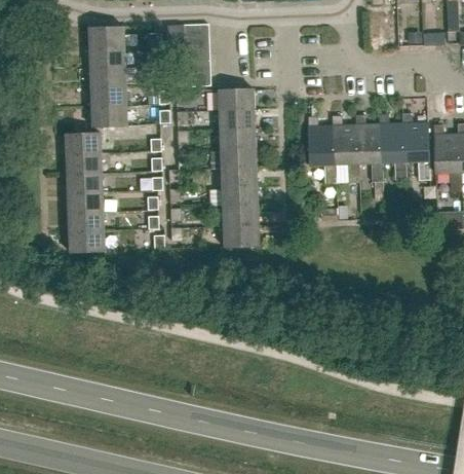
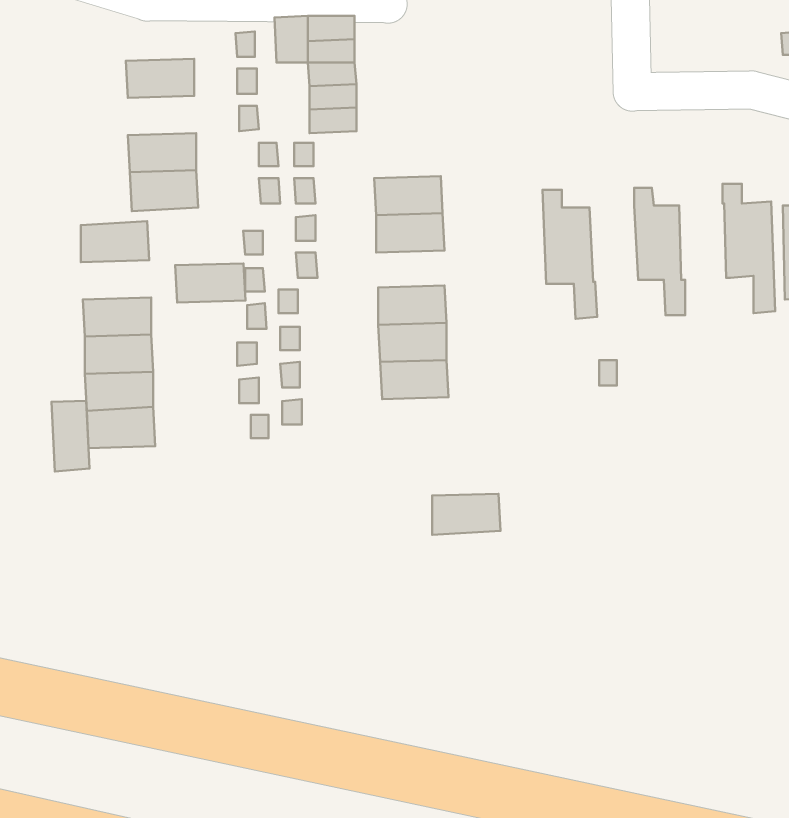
building: [87,27,124,48] -> none
building: [89,67,125,87] -> none
building: [218,88,254,110] -> none
building: [378,114,405,181] -> none
building: [332,115,359,183] -> none
building: [220,148,256,168] -> none
building: [65,153,102,174] -> [175,263,246,302]
building: [223,225,259,247] -> [432,494,501,535]
building: none -> [51,401,90,471]

